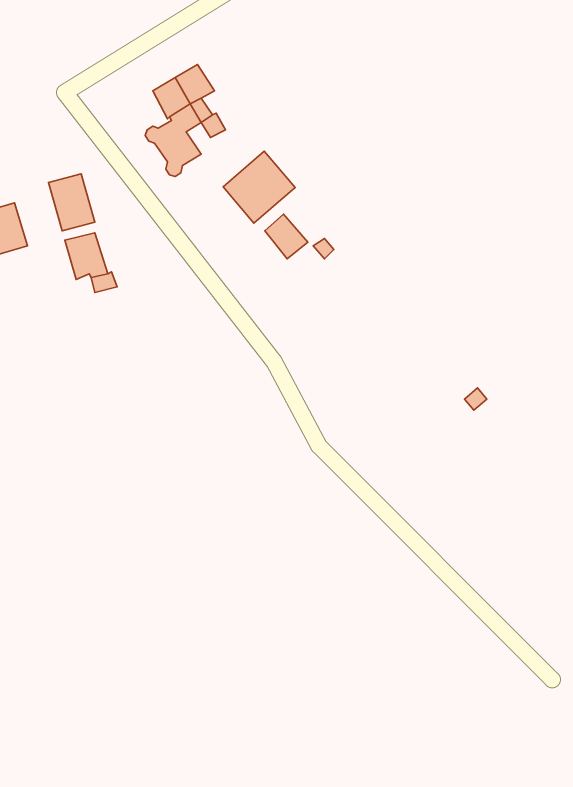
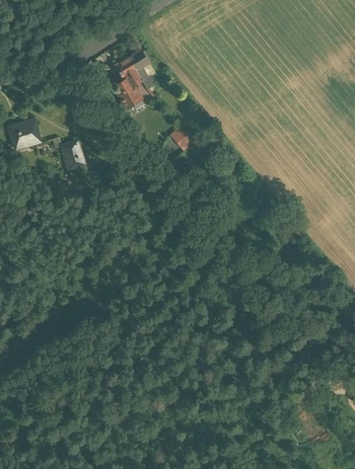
building: [223,151,295,223] -> none
building: [48,174,95,231] -> none

